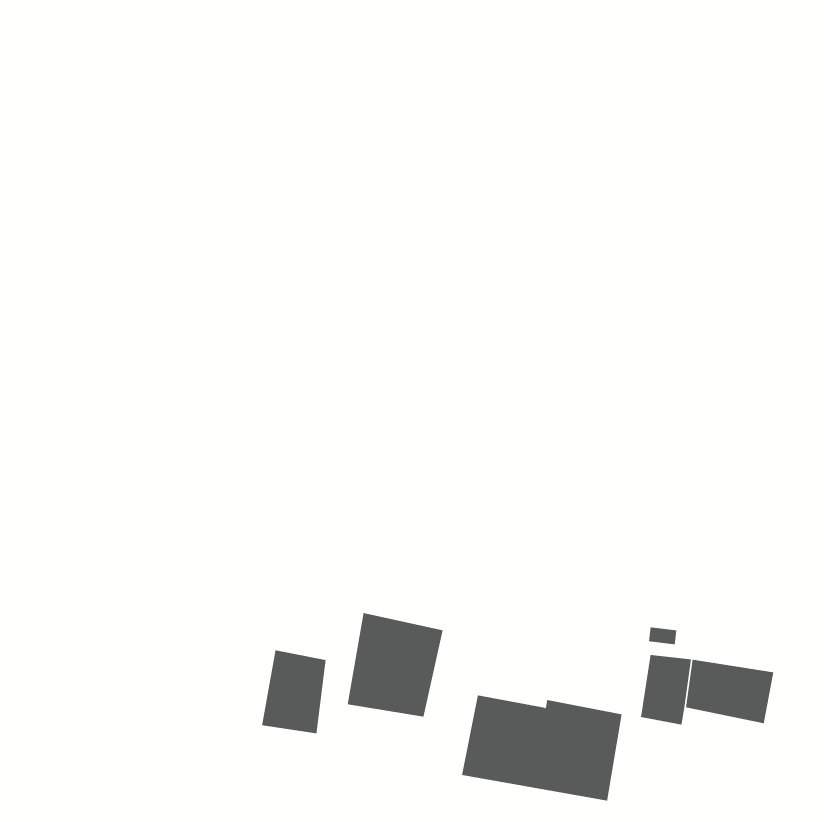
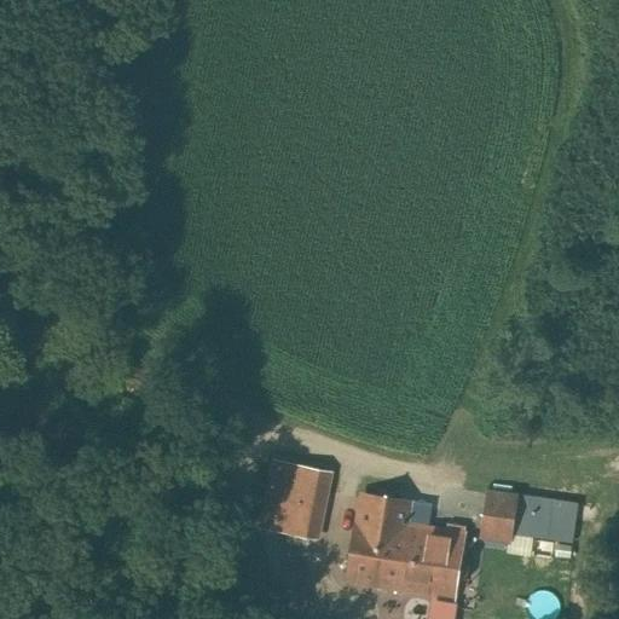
building: [262,649,326,734] -> none
building: none -> [358,494,412,531]

